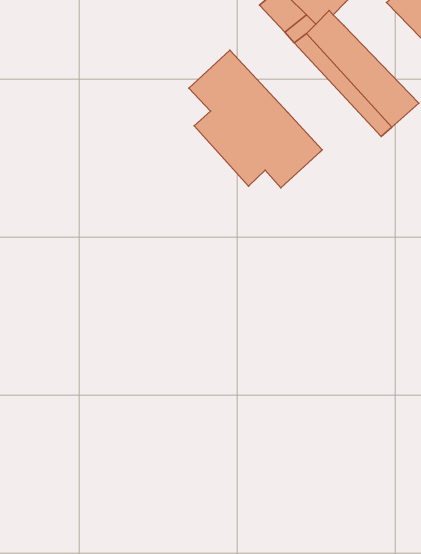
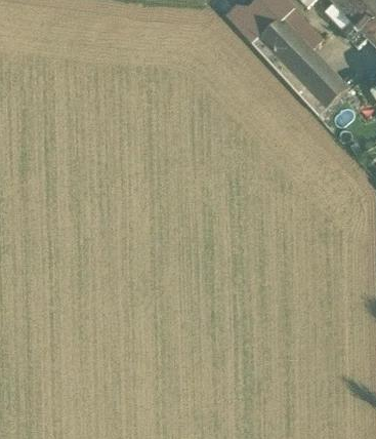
building: [189,50,322,188] -> none

